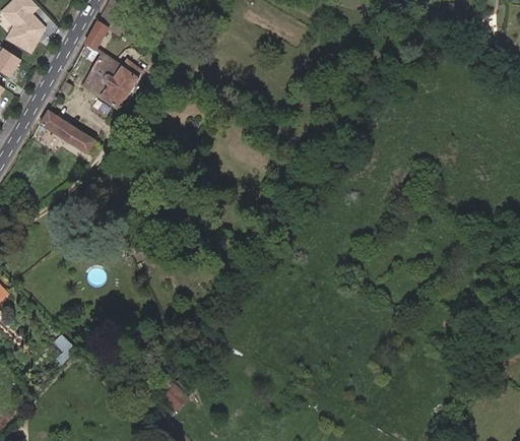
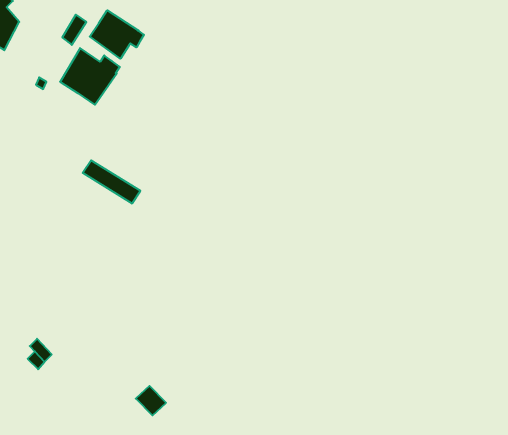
building: none -> [90,10,144,59]
building: [40,111,95,152] -> [83,160,140,203]

